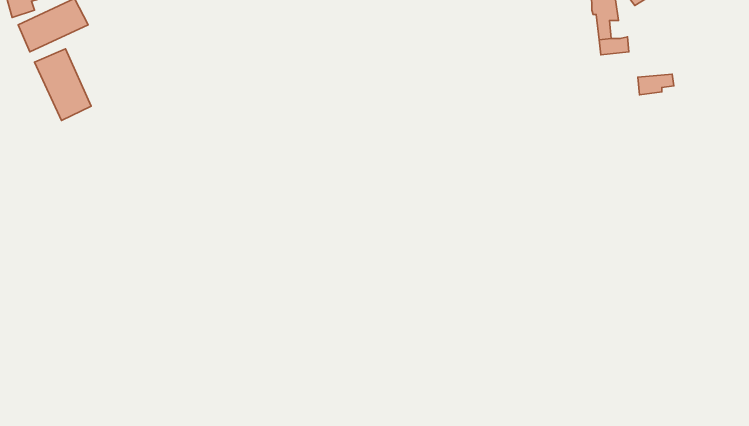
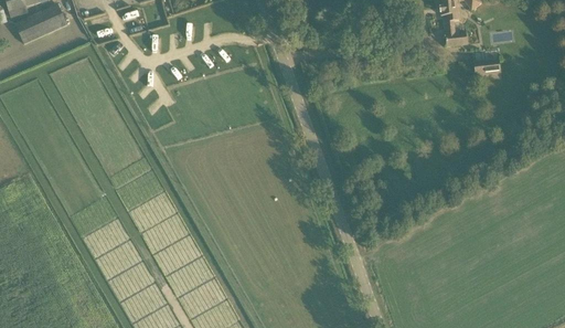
building: [34,49,91,121] -> none

